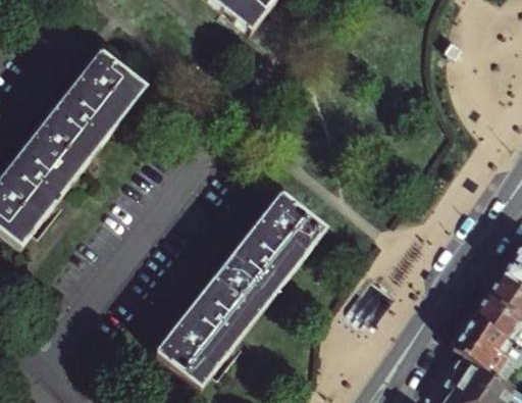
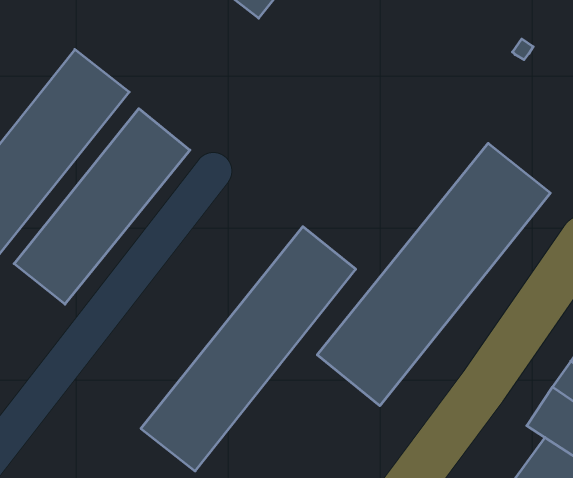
building: none -> [14,109,190,304]
building: none -> [317,143,550,406]

